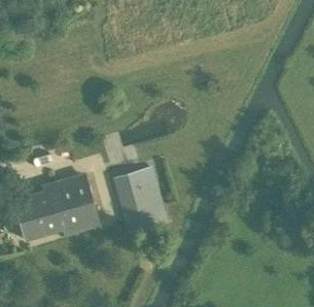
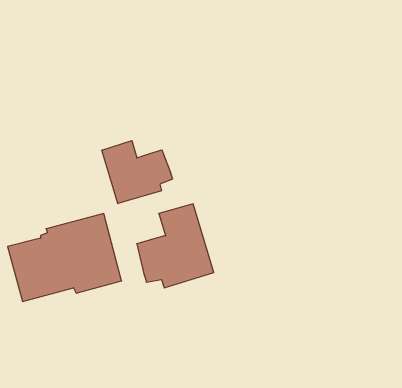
building: none -> [102,141,172,204]

